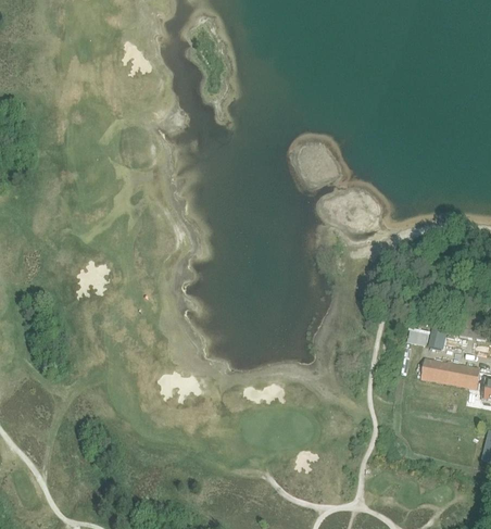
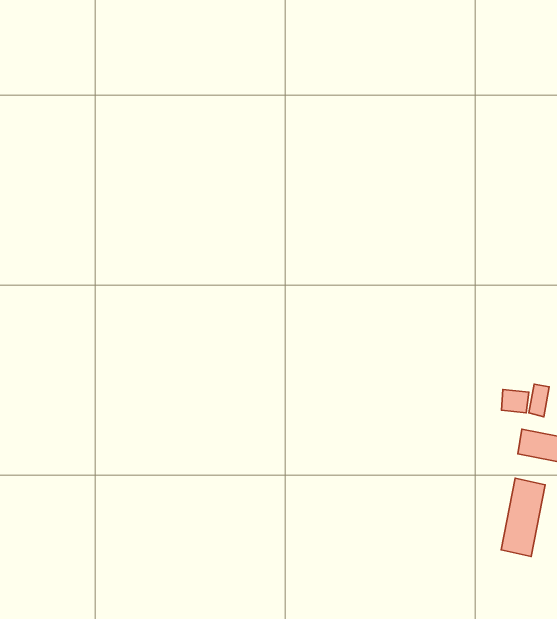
building: none -> [501,478,545,556]

